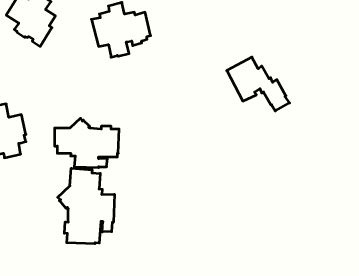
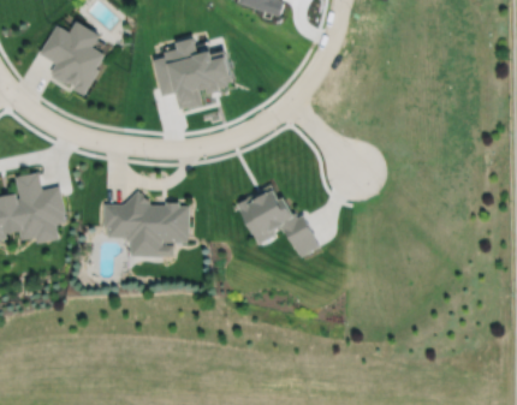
building: [227,57,290,111] -> [236,185,320,257]
building: [58,168,114,244] -> none

